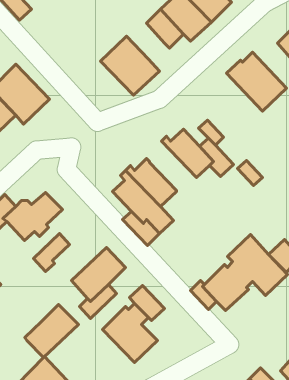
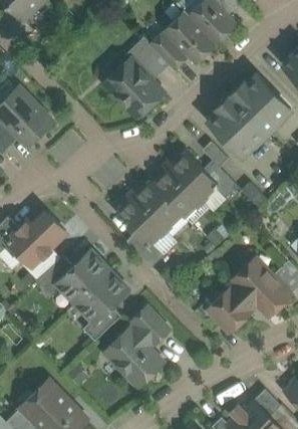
building: none -> [125,37,169,80]
building: none -> [209,94,267,156]
building: none -> [154,163,209,224]
building: [25,305,79,358] -> [56,249,110,302]

